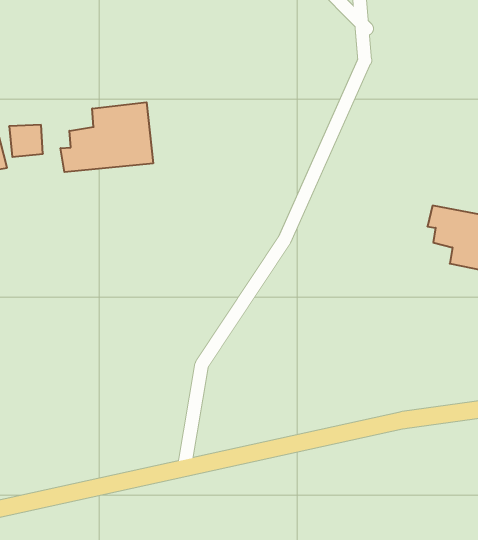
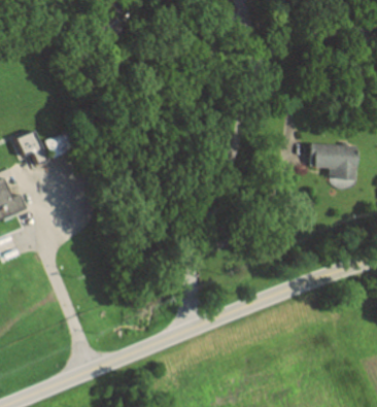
building: [61,102,153,172] -> none

